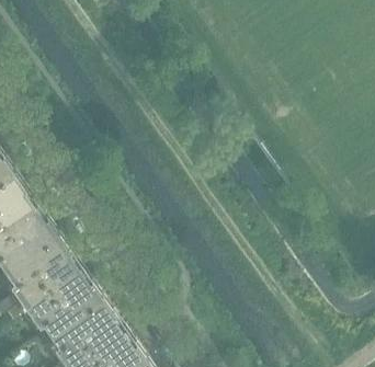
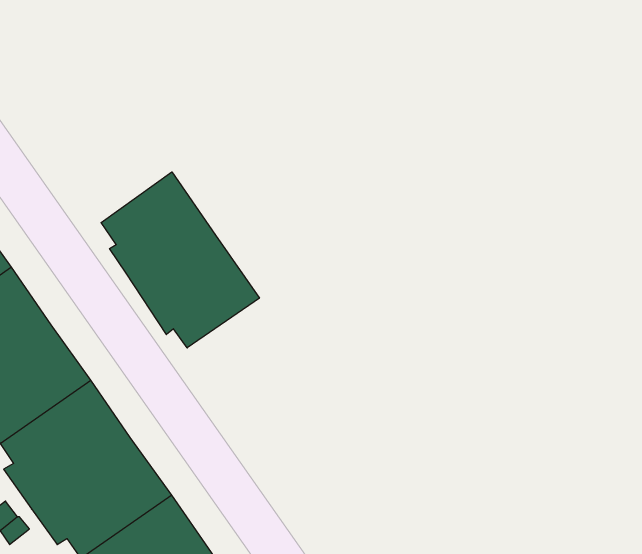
building: none -> [101,172,259,348]

